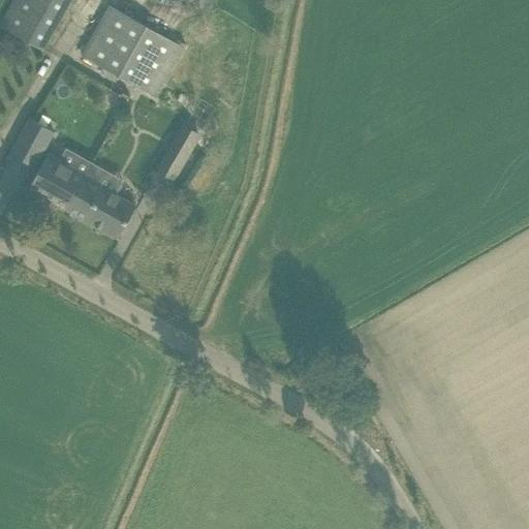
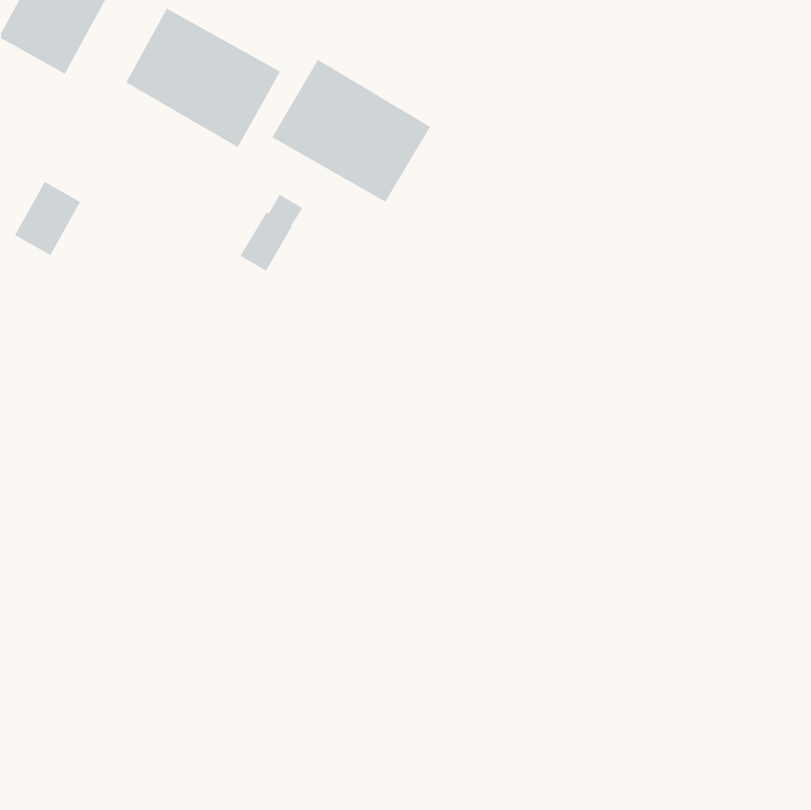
building: none -> [271,59,431,203]
building: [28,152,135,238] -> none

